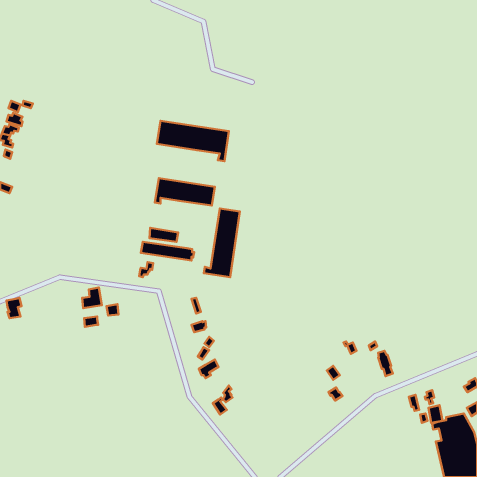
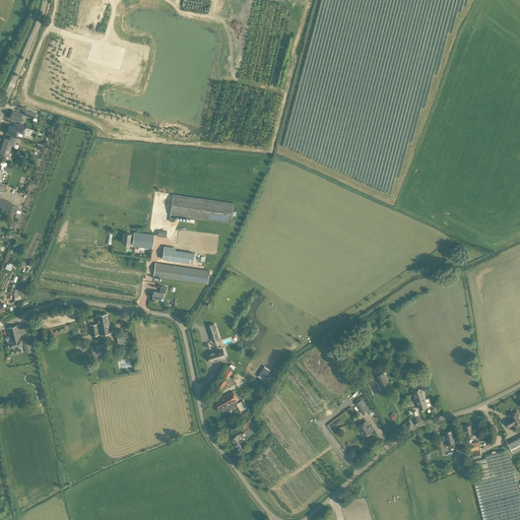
building: [157,121,229,161] -> none
building: [204,209,240,277] -> none
building: none -> [122,232,154,248]

